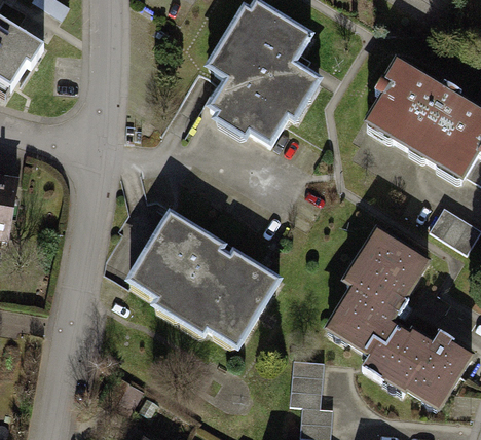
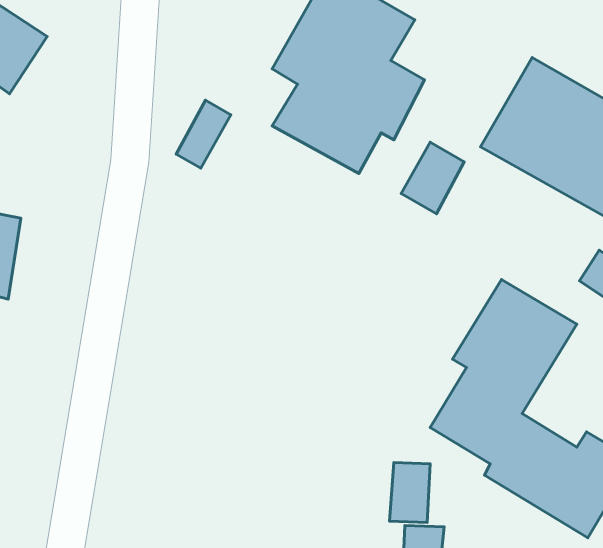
building: none -> [176,100,231,168]
building: none -> [401,142,464,214]
building: [130,212,281,349] -> none

